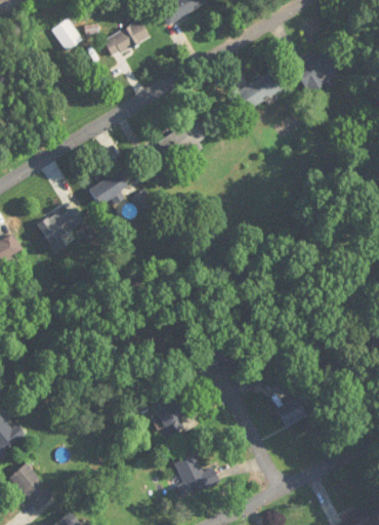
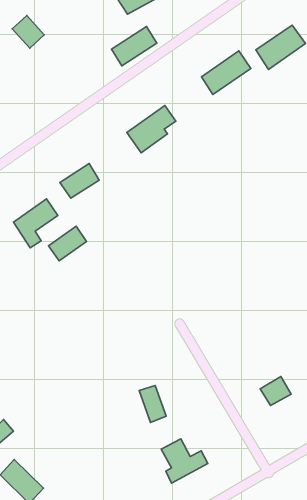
building: [102,18,149,56] -> [111,27,157,66]
building: none -> [49,226,87,261]

